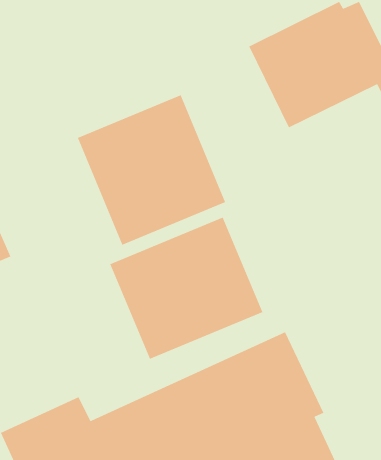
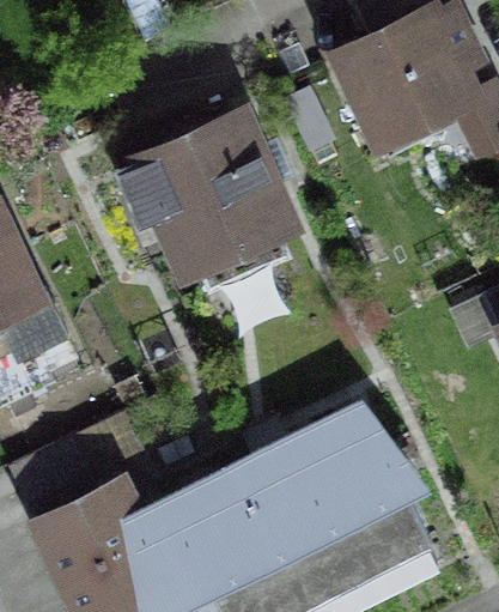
building: [109,217,263,360] -> none

